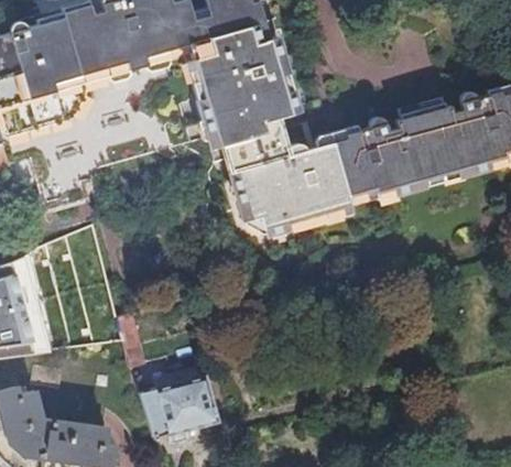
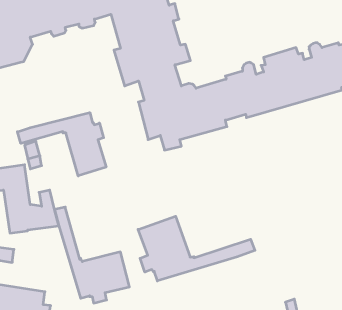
building: none -> [17,113,106,176]
building: none -> [138,216,255,281]

